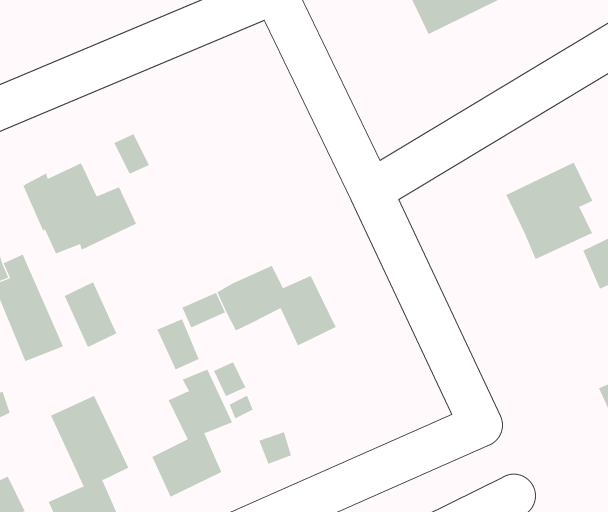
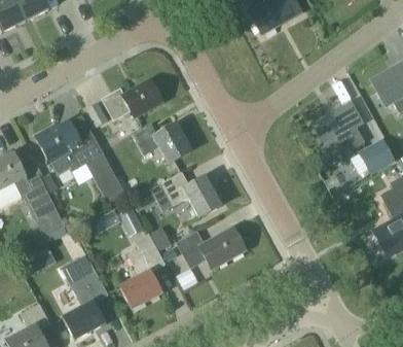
building: none -> [103,78,163,118]
building: none -> [132,123,191,163]
building: [64,282,117,348] -> [94,166,125,204]
building: none -> [177,227,246,269]

